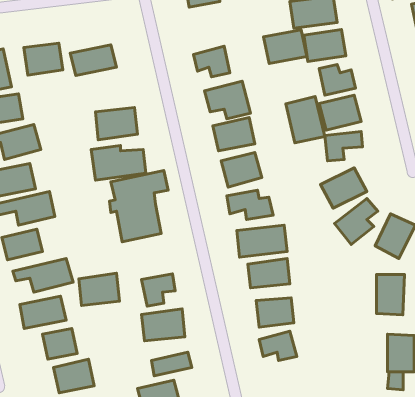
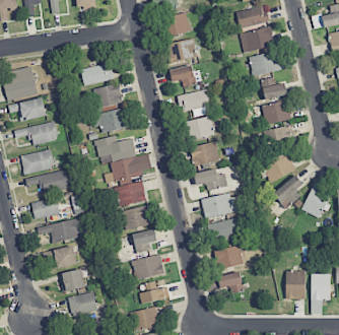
building: [264,30,307,63] -> [165,39,197,63]
building: [24,43,63,75] -> [93,84,122,108]
building: [286,96,325,143] -> none
building: [79,273,119,305] -> [121,206,150,229]
building: [376,274,404,315] -> [285,270,306,299]

